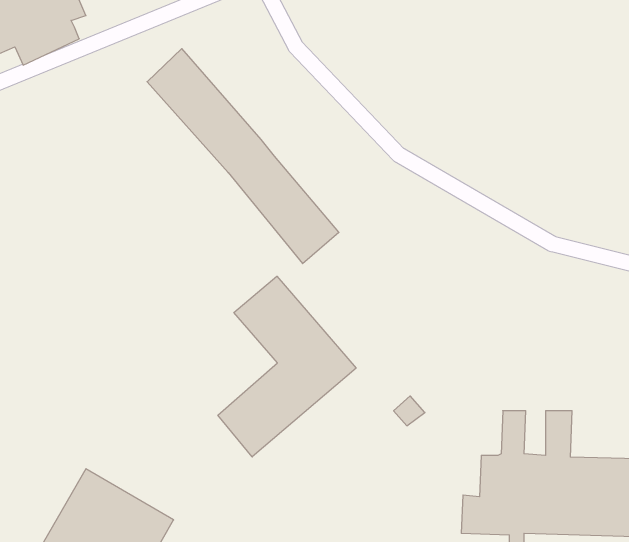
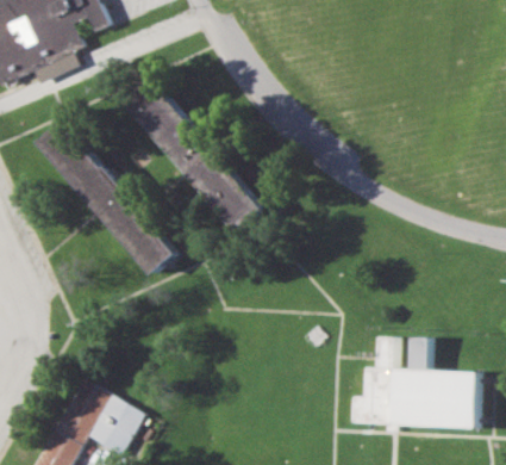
building: none -> [38,116,174,272]
building: [218,276,356,457] -> none

